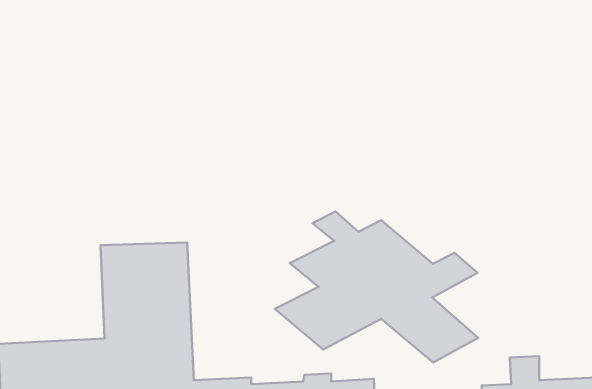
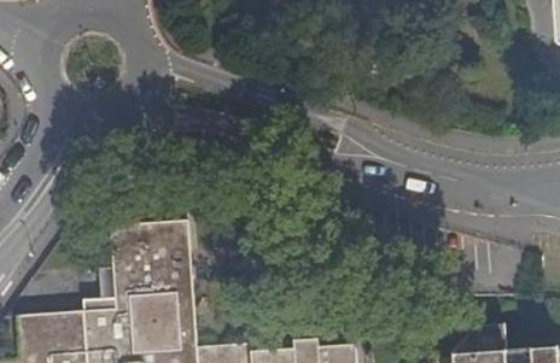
building: [275,212,478,363] -> none

